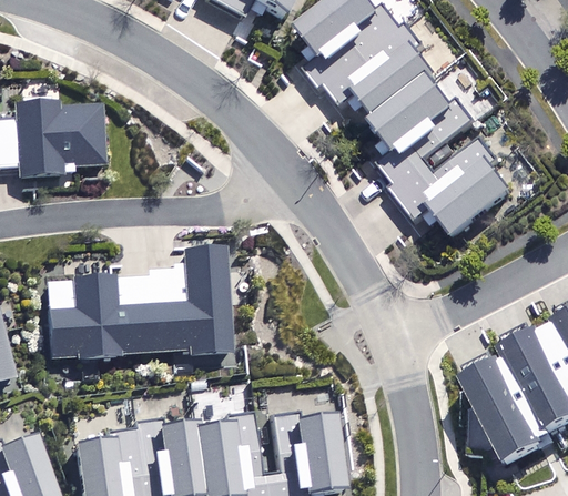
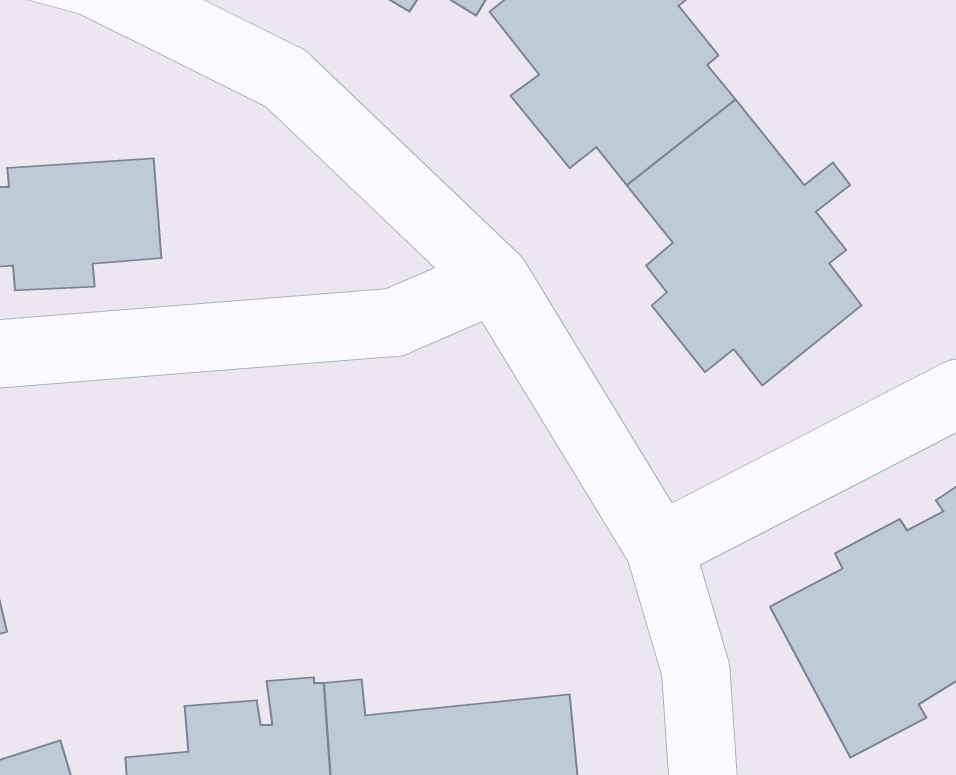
building: [47,226,227,361] -> none

